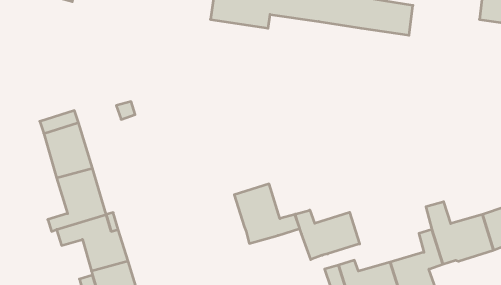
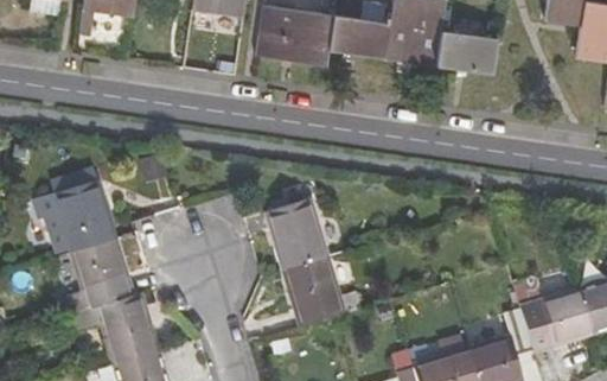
building: none -> [32,193,72,253]
building: none -> [268,199,326,267]
building: [295,210,360,260] -> none

